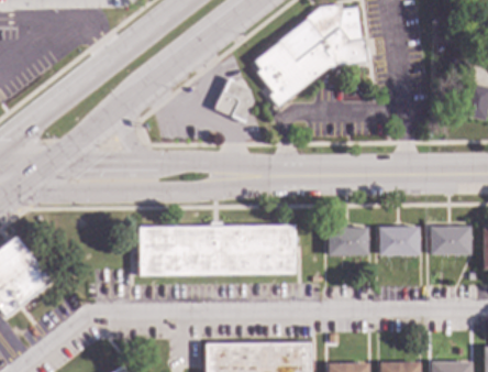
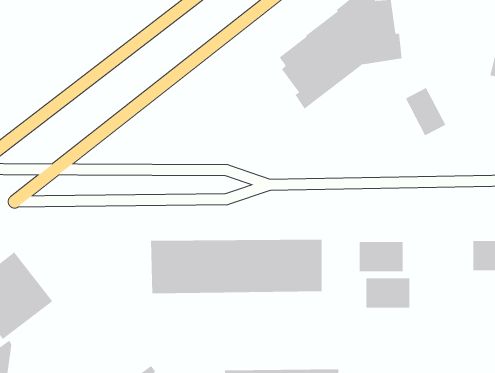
building: [214,77,253,123] -> none
building: none -> [405,87,446,136]
building: [379,228,420,255] -> [365,278,410,308]

